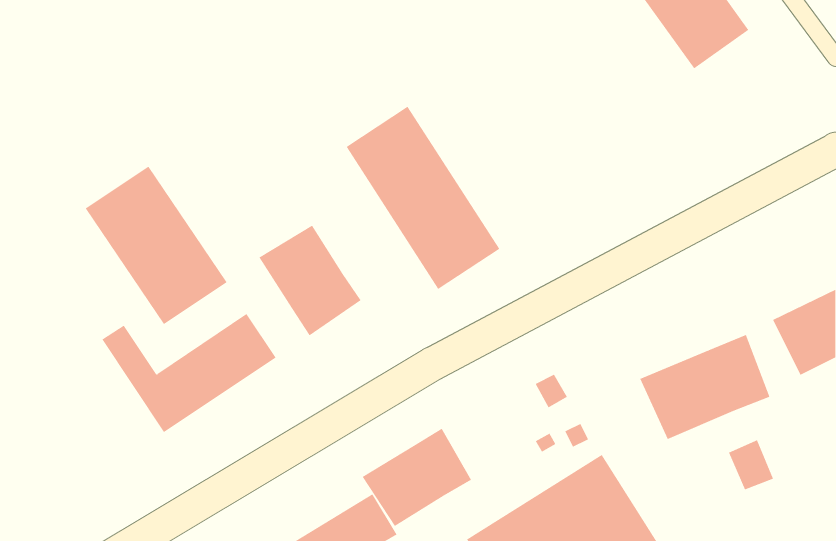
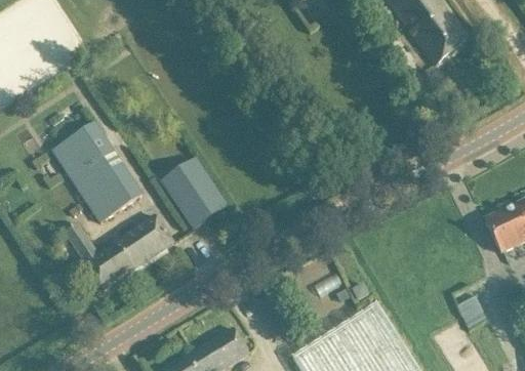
building: [346,106,500,290] -> none
building: [639,334,770,440] -> none
building: [362,428,472,527] -> none

